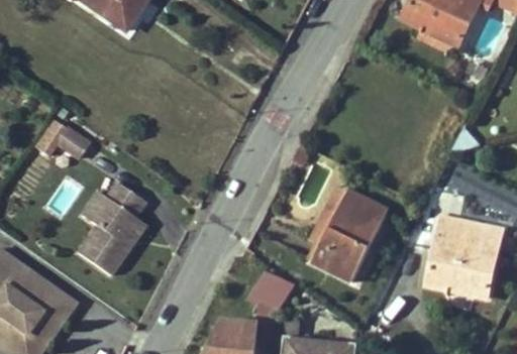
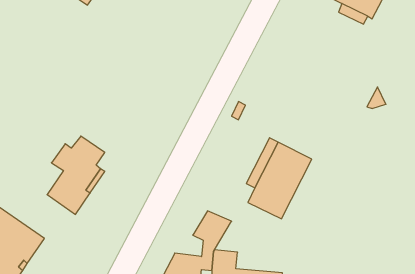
building: [34,118,89,169] -> none
building: [428,217,502,297] -> none

